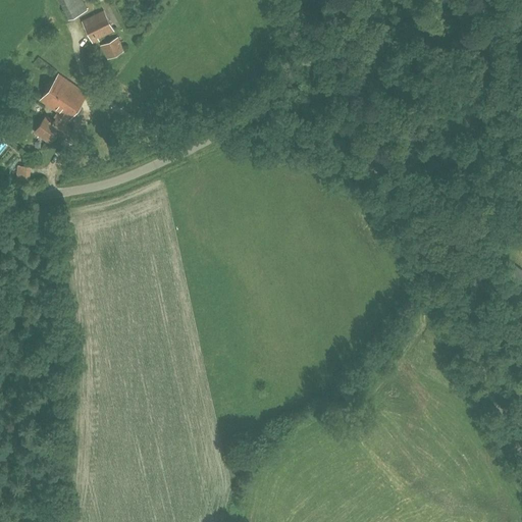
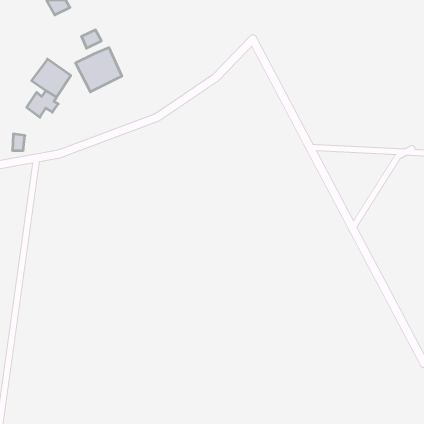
building: [81,10,114,45] -> none
building: none -> [76,48,122,92]

